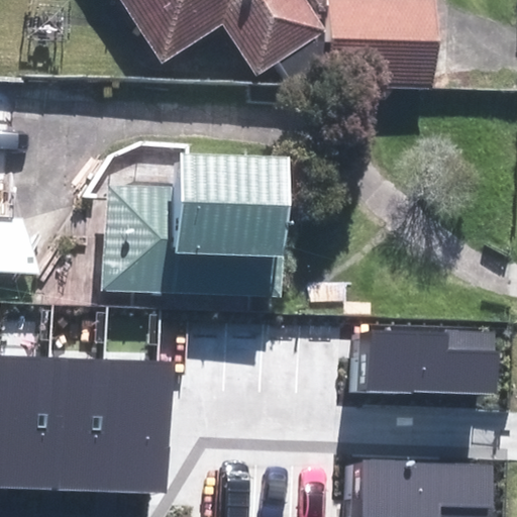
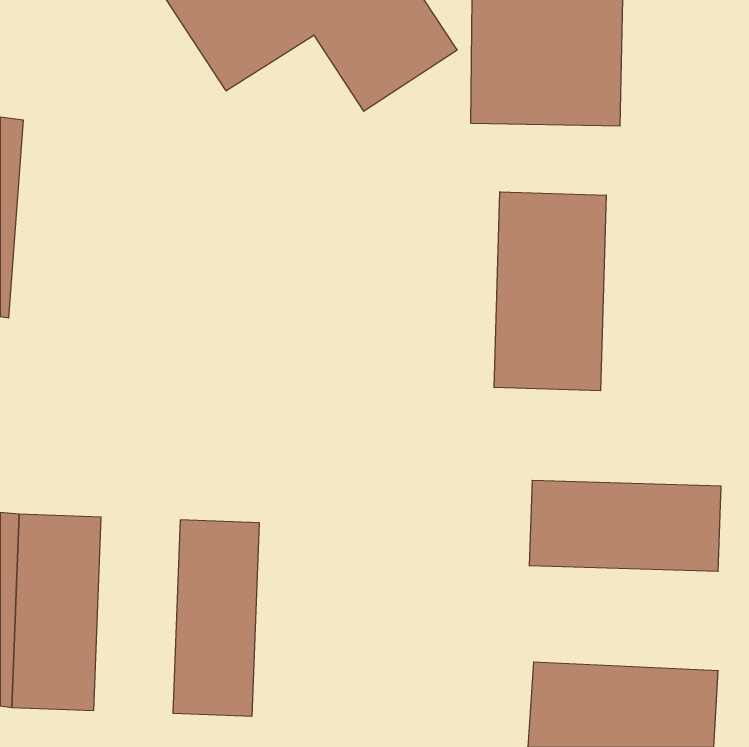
building: none -> [494,192,606,391]
building: [97,160,277,294] -> none
building: [65,356,124,492] -> none

